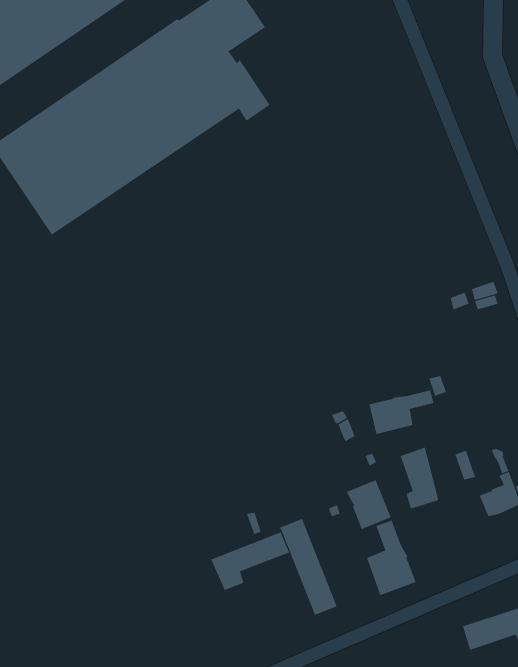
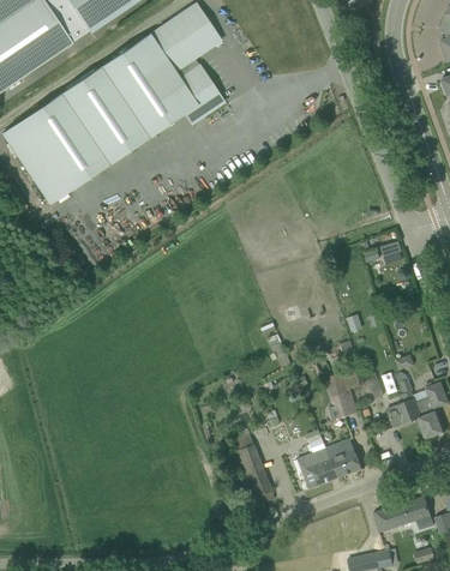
building: [369,390,434,435] -> none
building: [346,480,391,530] -> [326,438,362,477]
building: [211,531,290,591] -> none

